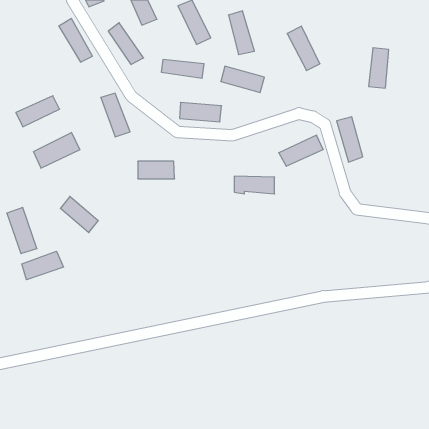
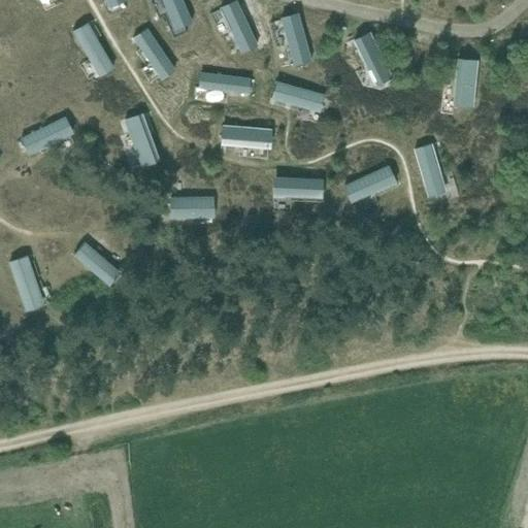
building: [33,132,80,168] -> none
building: [234,176,275,194] -> [273,178,323,200]
building: [22,251,63,280] -> none

